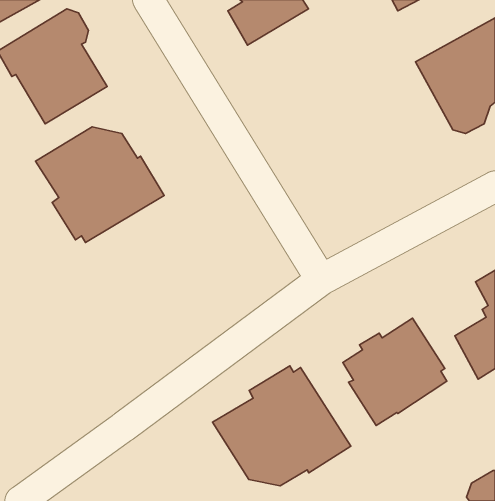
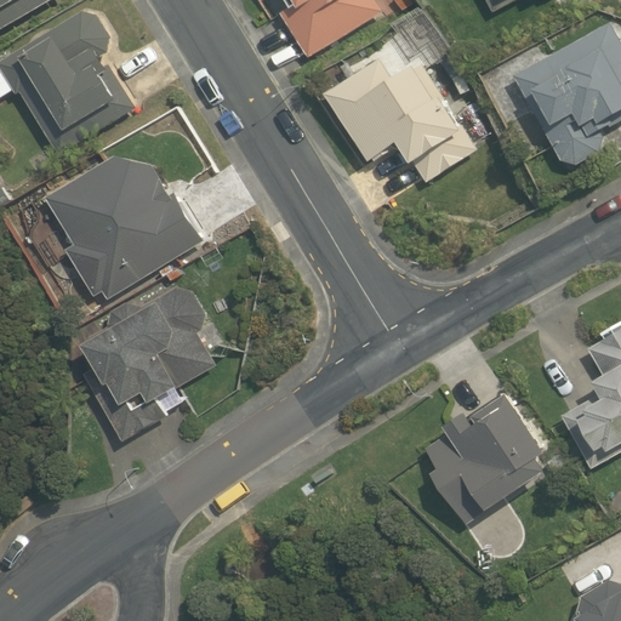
building: none -> [325,59,474,180]
building: none -> [82,289,217,441]
building: [213,366,351,486] -> none

